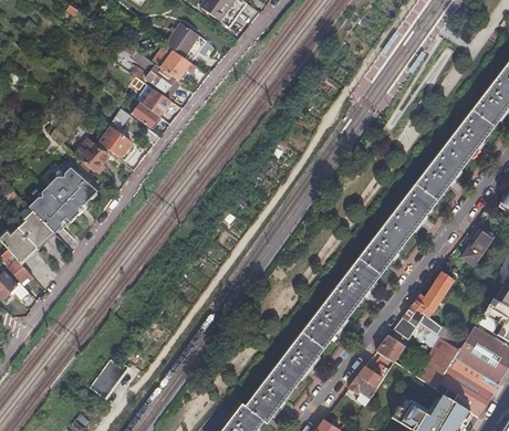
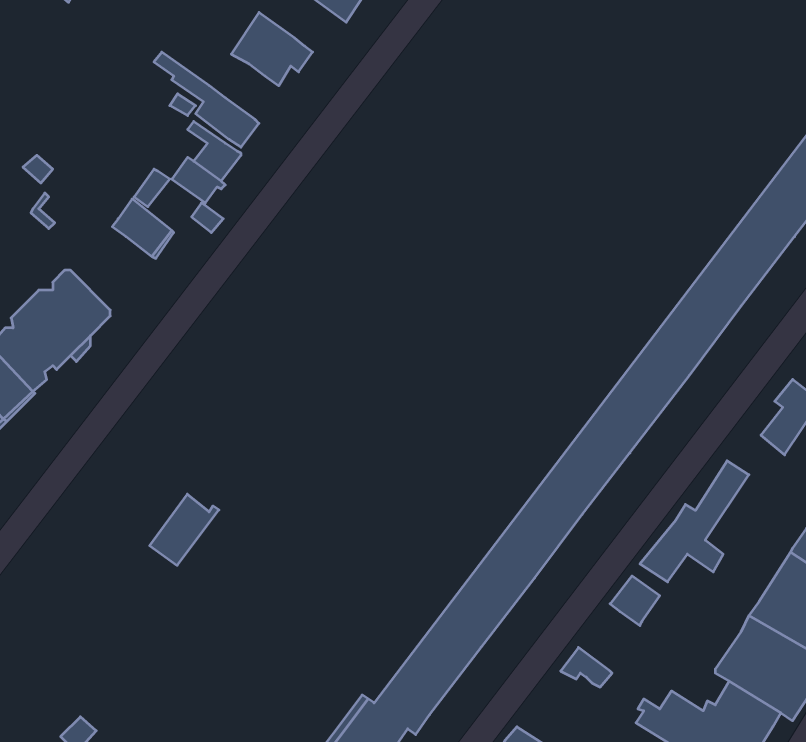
building: [153,44,196,81] -> none
building: [75,137,108,172] -> none
building: [416,337,459,387] -> none
building: [359,355,393,388] -> none
building: [90,358,128,398] -> [150,494,219,565]

